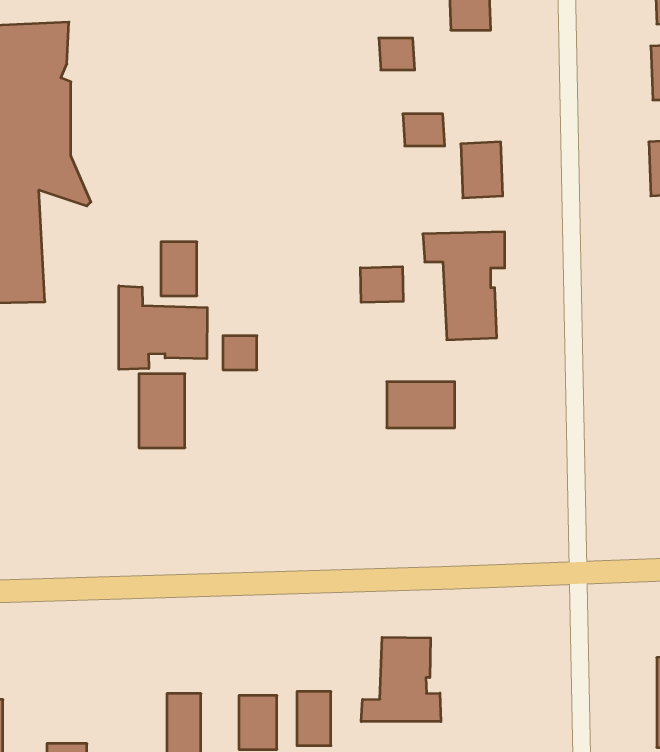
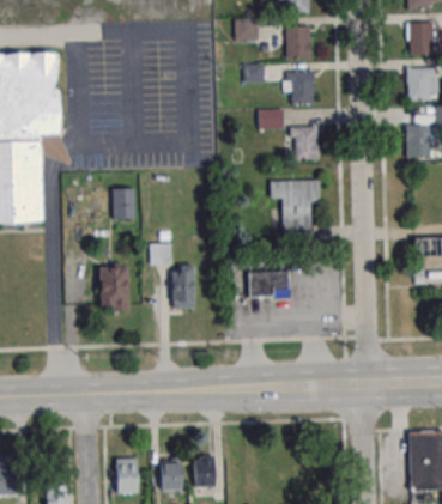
building: none -> [290,71,315,104]
building: [360,267,403,302] -> none
building: [119,286,207,369] -> none
building: none -> [171,265,194,306]
building: [361,637,441,722] -> none

